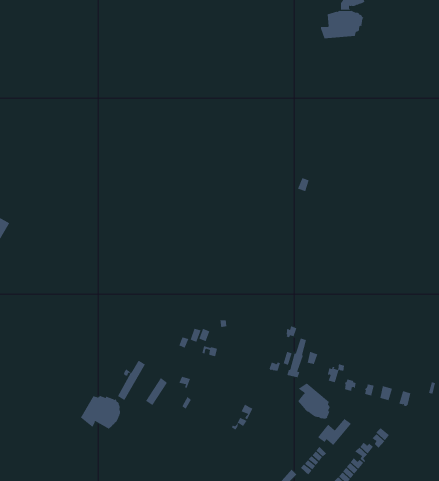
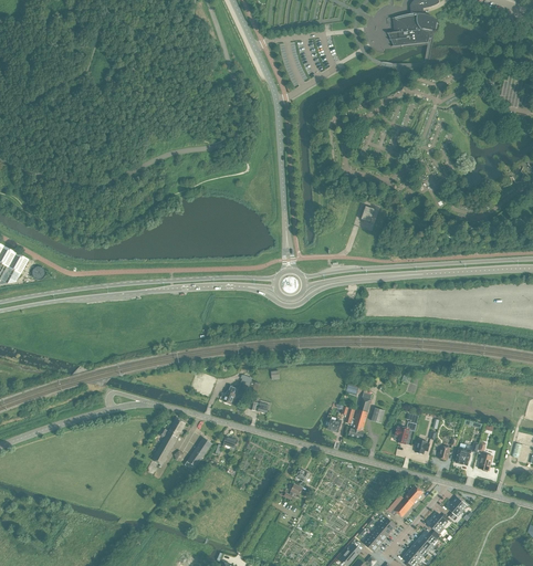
building: [297,383,331,420] -> none
building: [80,395,121,429] -> none

